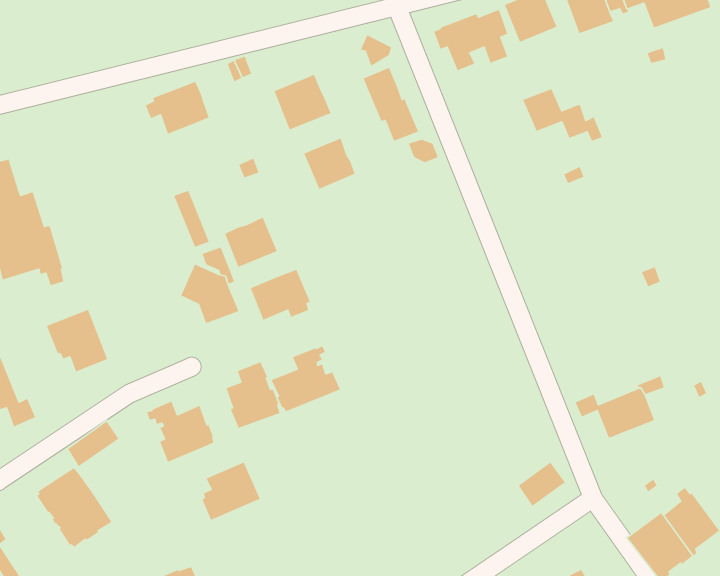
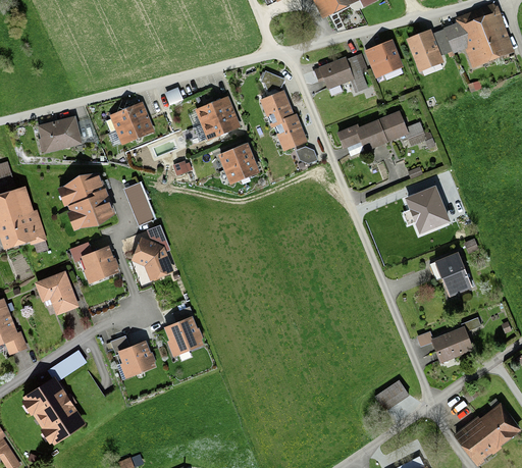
building: none -> [37,115,82,155]
building: none -> [336,118,387,157]
building: none -> [57,176,111,230]
building: none -> [402,184,450,232]
building: [224,217,278,268] -> none
building: [250,269,311,321] -> none
building: none -> [66,242,118,283]
building: none -> [428,251,472,297]
building: [270,345,341,412] -> none
building: [201,461,261,521] -> none

